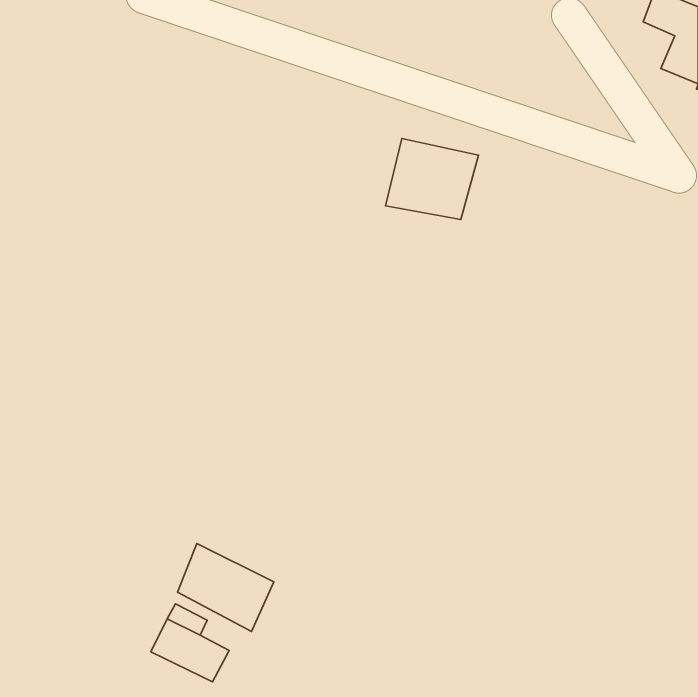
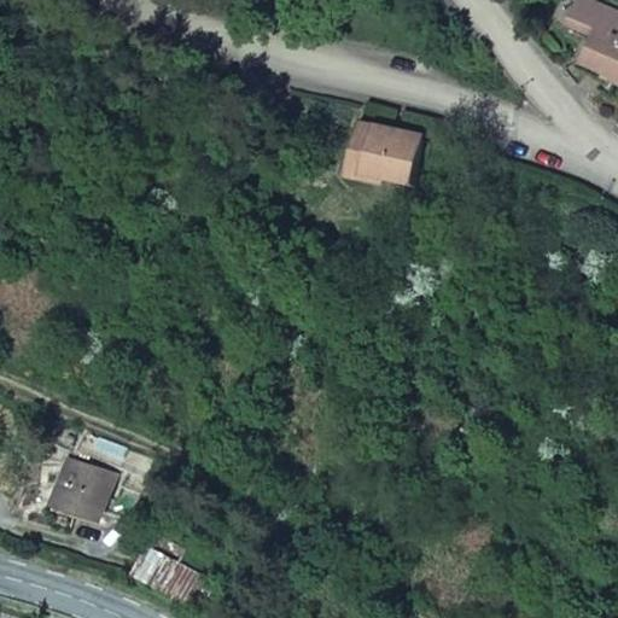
building: none -> [58,459,110,509]
building: [177,543,274,631] -> none

